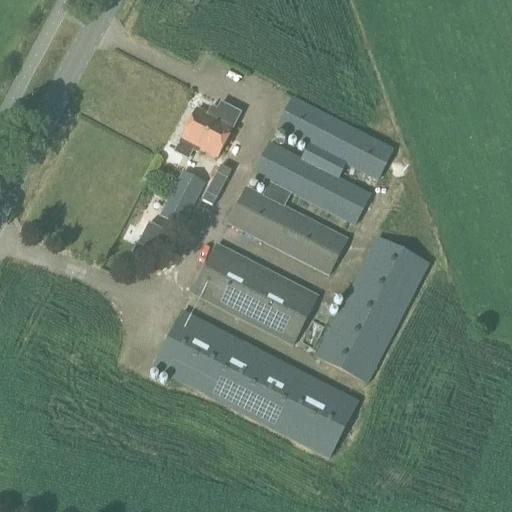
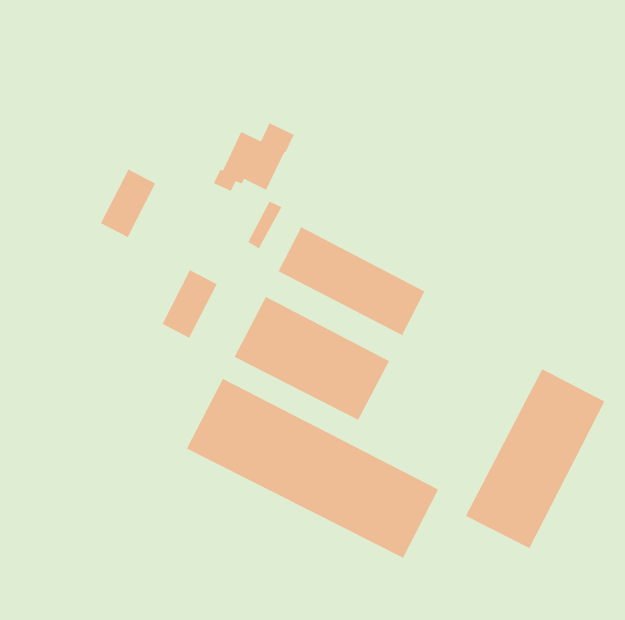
building: [252,95,394,225] -> none
building: [159,169,205,226] -> [100,168,156,238]
building: [315,235,430,383] -> [465,368,606,549]

